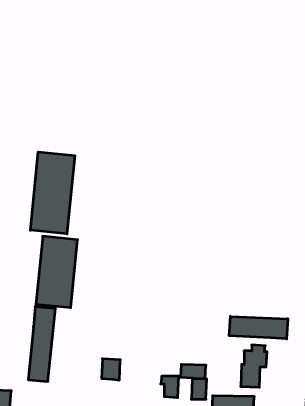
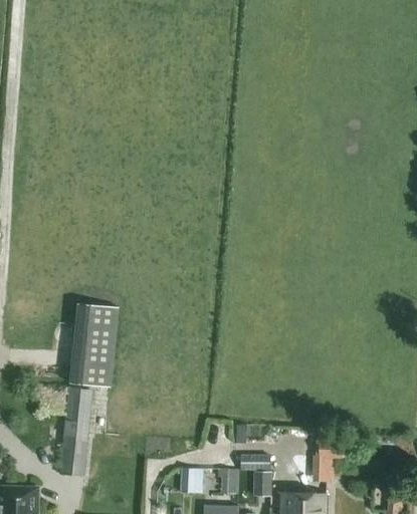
building: [30,152,75,234] -> none
building: [229,316,288,339] -> none
building: [102,359,120,380] -> [180,469,202,494]

